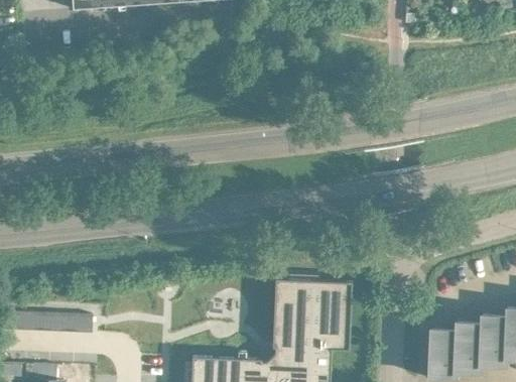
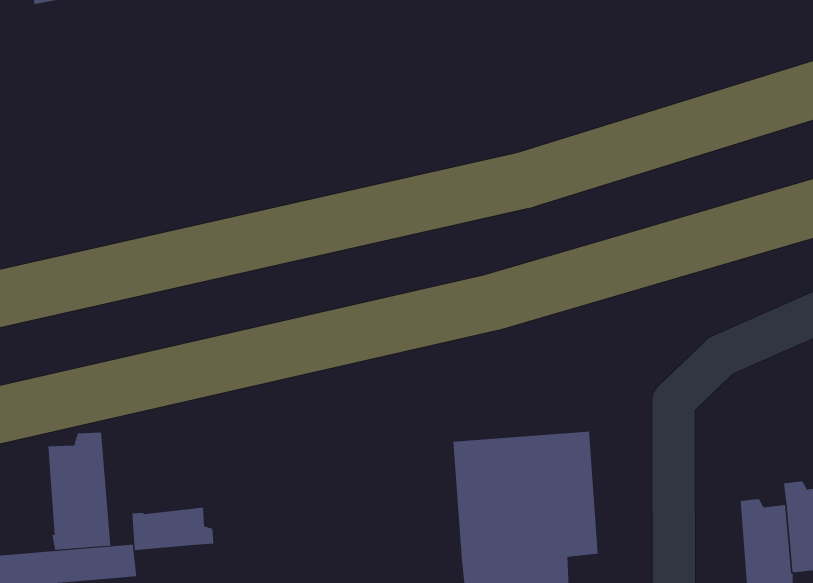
building: none -> [48,432,111,551]
building: none -> [132,507,214,551]

